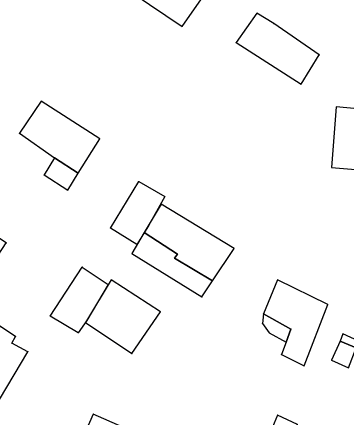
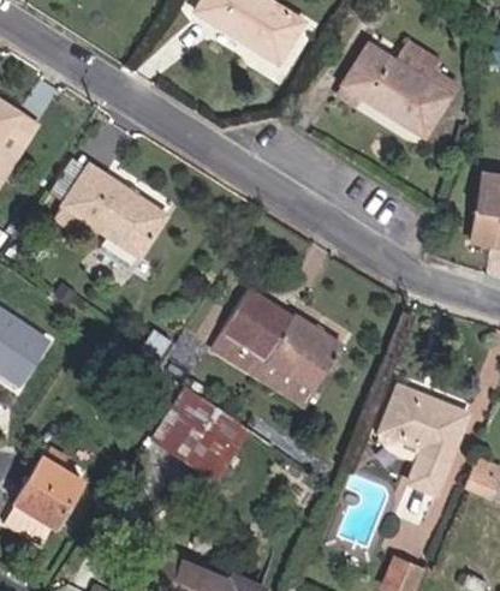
building: none -> [391,38,458,100]
building: [110,182,165,244] -> none
building: [50,267,108,333] -> none

